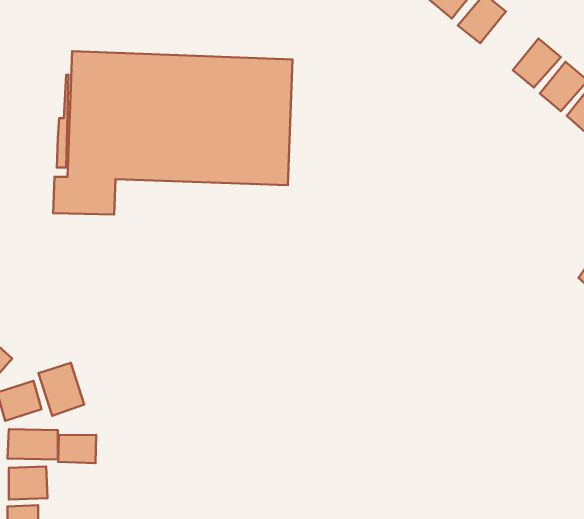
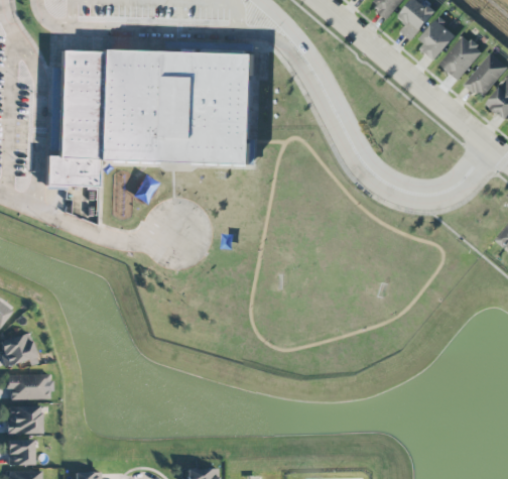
building: none -> [416,19,458,62]
building: [38,363,84,416] -> none
building: [58,435,96,463] -> none

